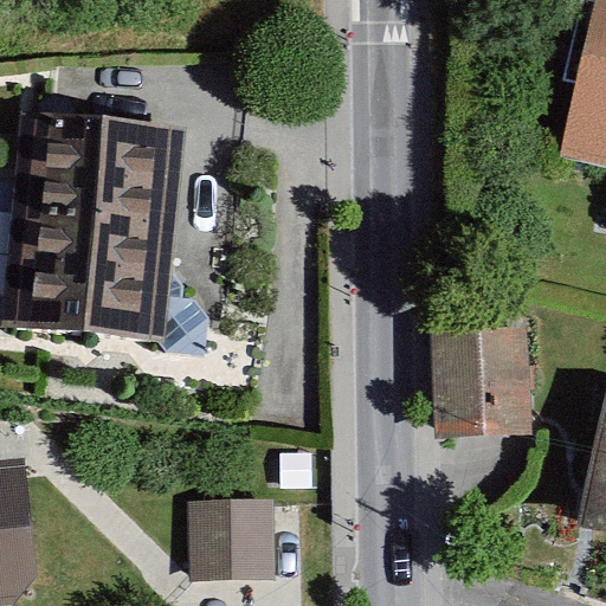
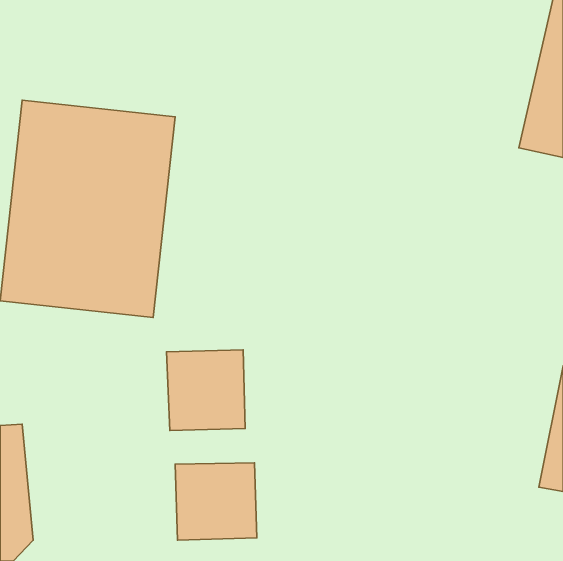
building: [431,323,531,434] -> none
building: none -> [167,350,245,430]

